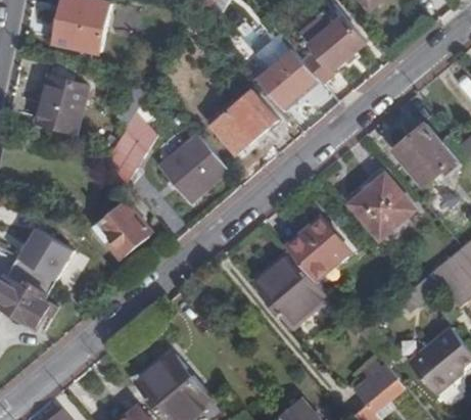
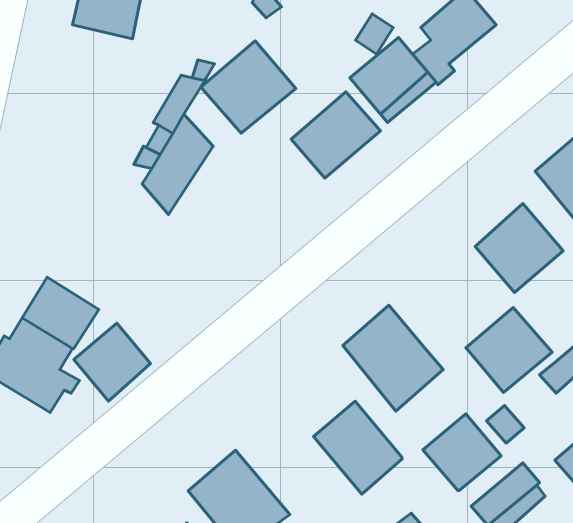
building: [38,78,91,135] -> none
building: [157,135,227,202] -> [201,41,296,133]
building: [96,204,152,262] -> [74,323,150,401]
building: [285,218,348,280] -> [466,307,552,393]
building: none -> [313,401,402,494]
building: none -> [423,414,501,491]

